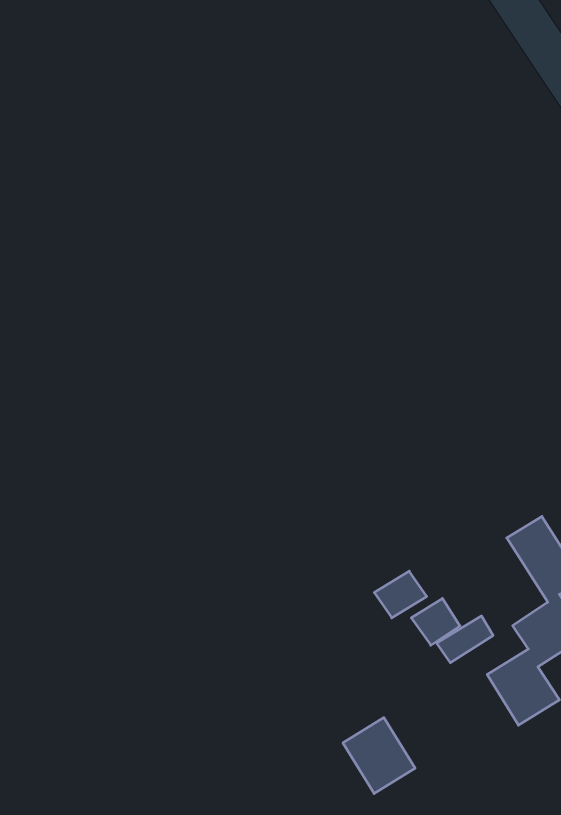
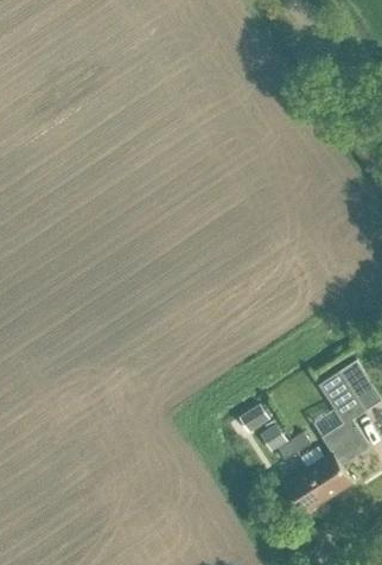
building: [343,718,415,794] -> [284,468,327,514]

